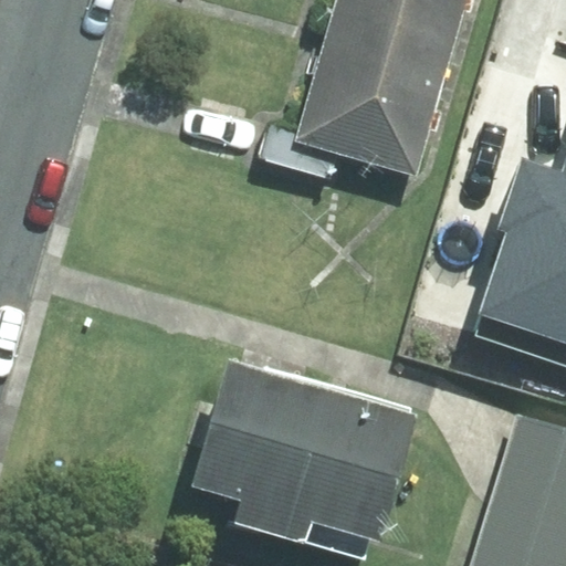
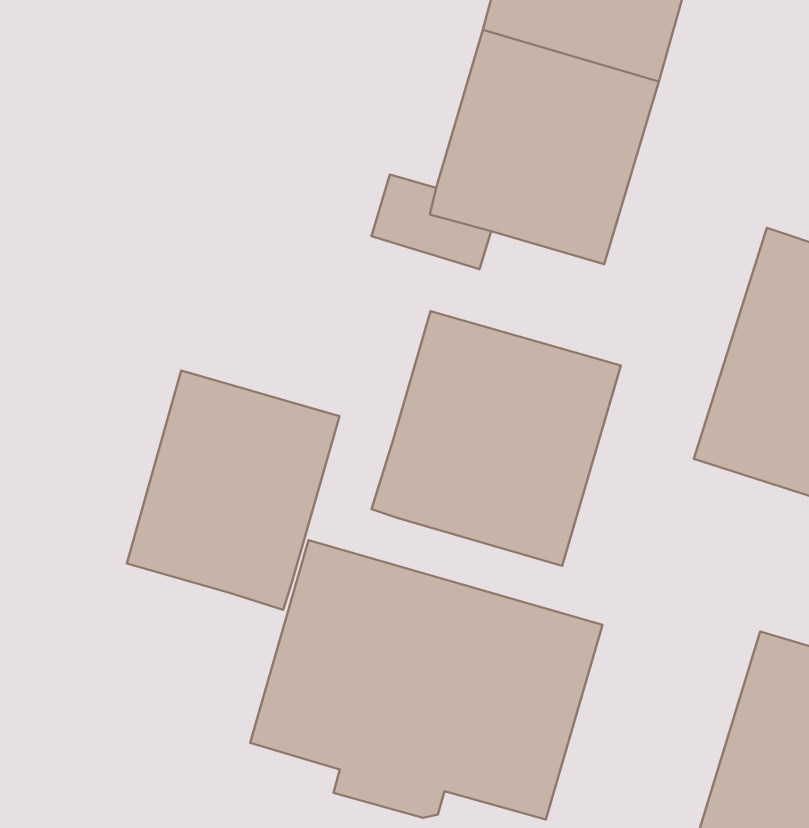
building: none -> [371,311,621,566]
building: none -> [127,371,339,610]

